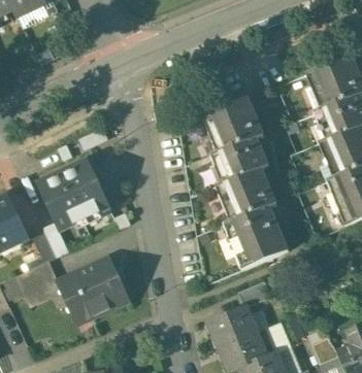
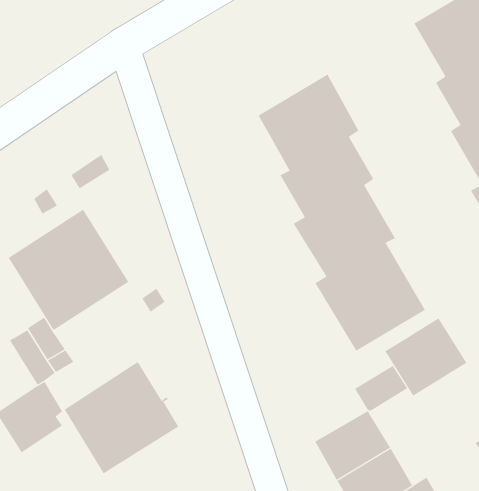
building: none -> [385,317,467,396]

